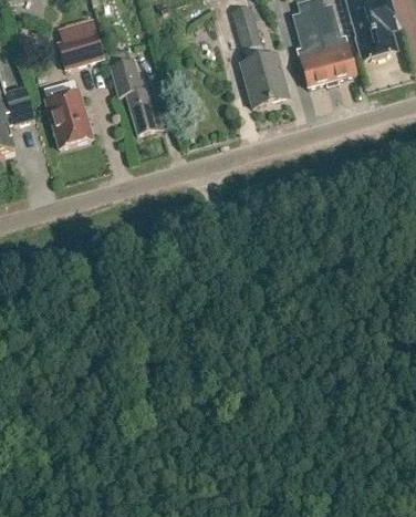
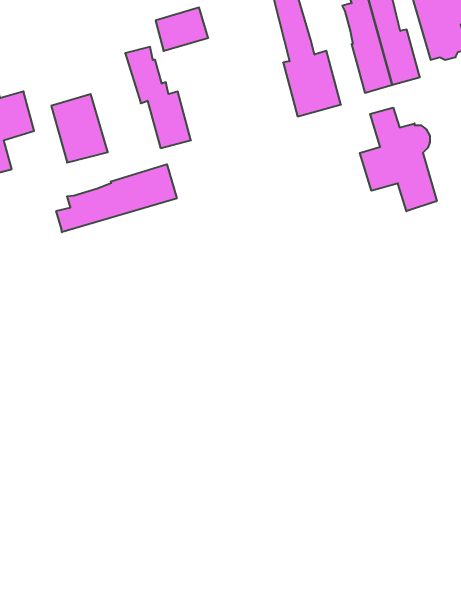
building: [58,28,102,64] -> [156,7,208,51]
building: none -> [360,108,437,211]
building: none -> [56,164,177,232]

